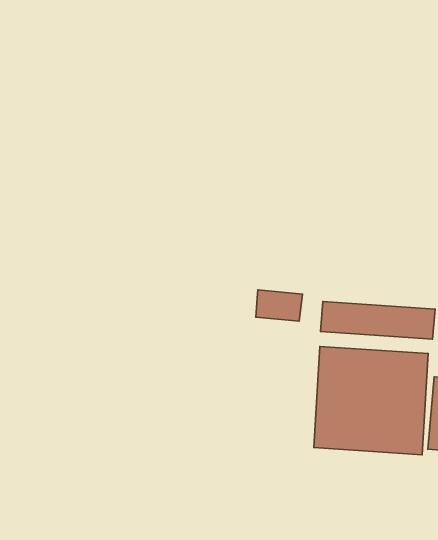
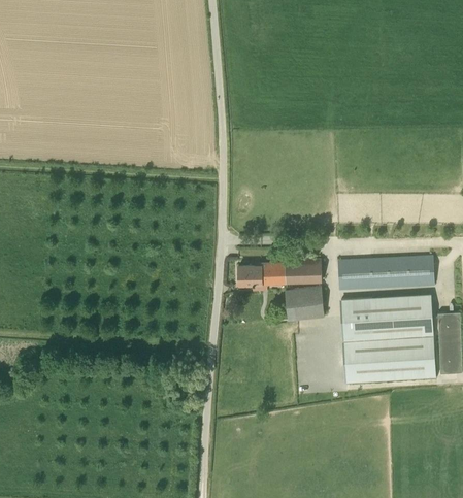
building: none -> [237,263,285,285]
building: none -> [285,286,324,320]

